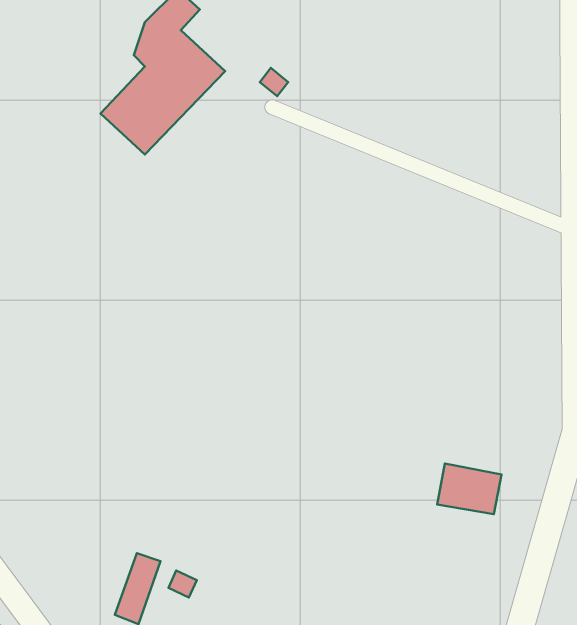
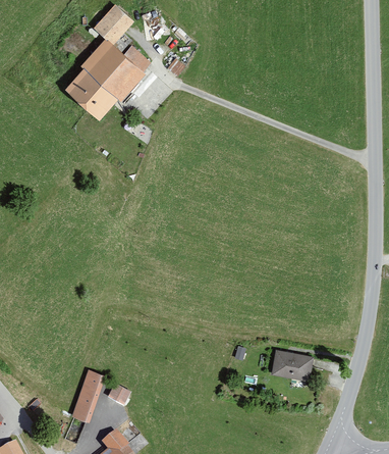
building: [437,464,502,514] -> [271,346,313,379]

